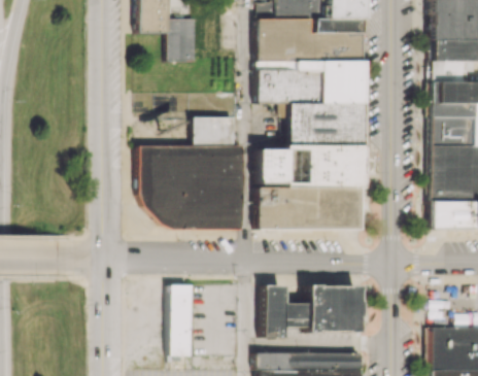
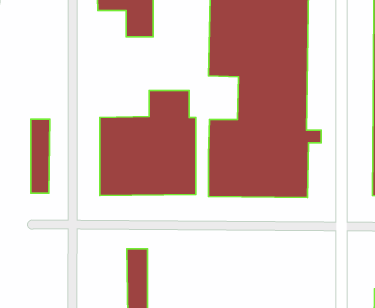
building: none -> [31,119,50,193]
building: [265,284,360,337] -> none

